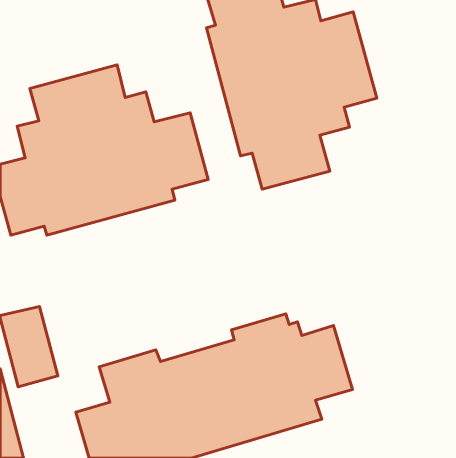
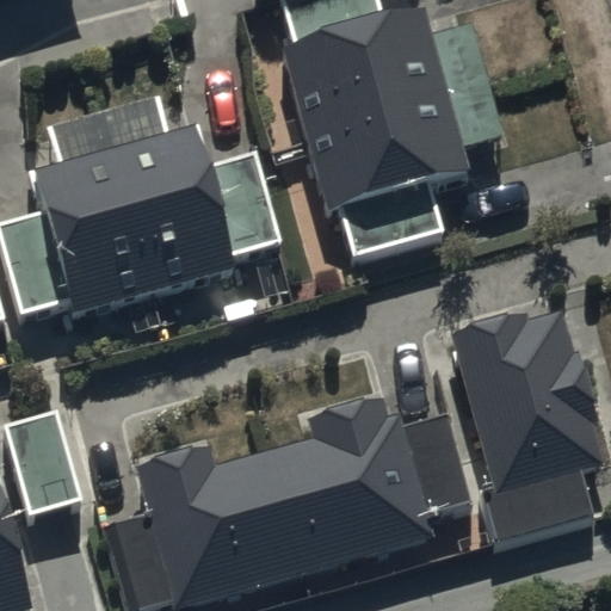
building: none -> [451,328,601,554]

